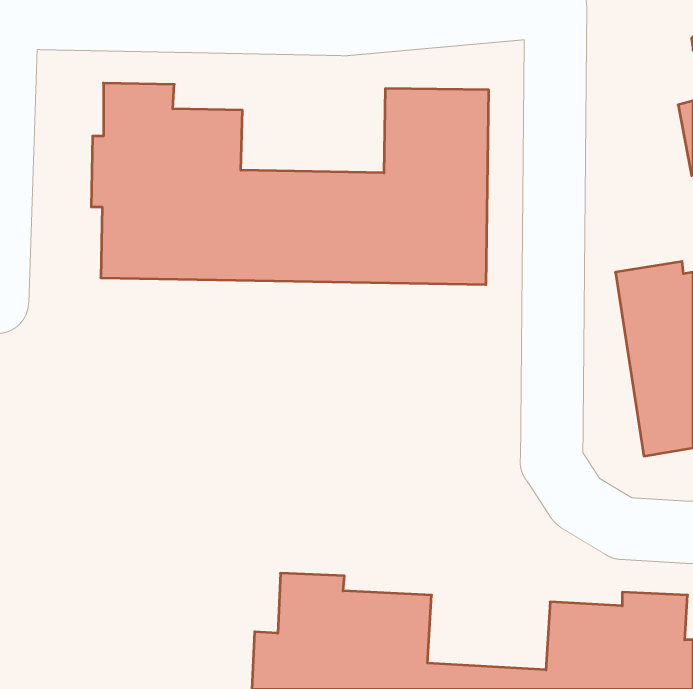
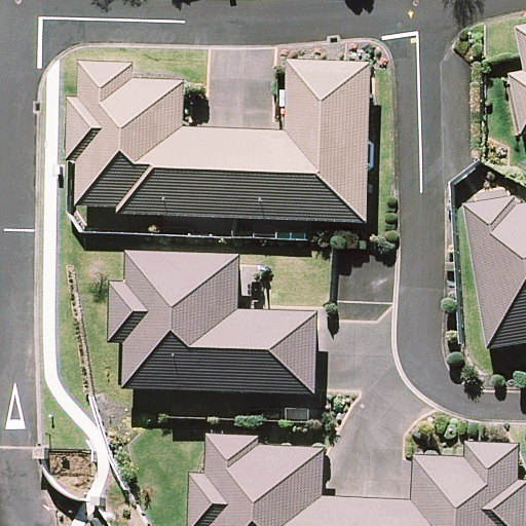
building: none -> [117,253,313,389]

